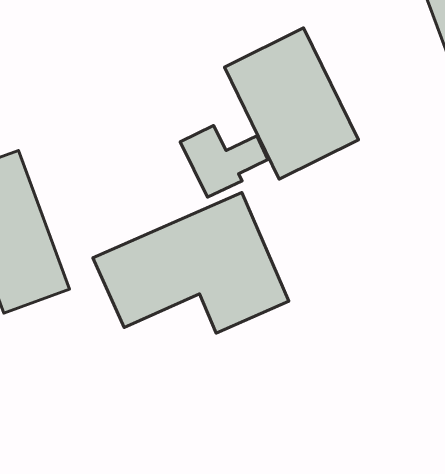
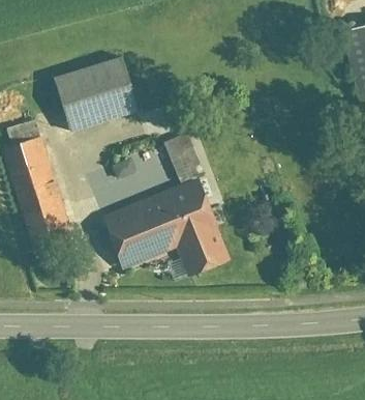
building: [224,28,358,179] -> none
building: none -> [55,57,136,126]

